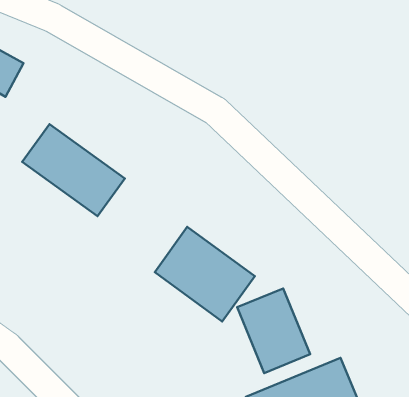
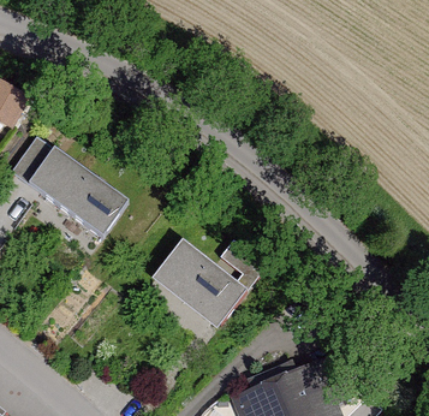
building: [237,288,310,373] -> none

